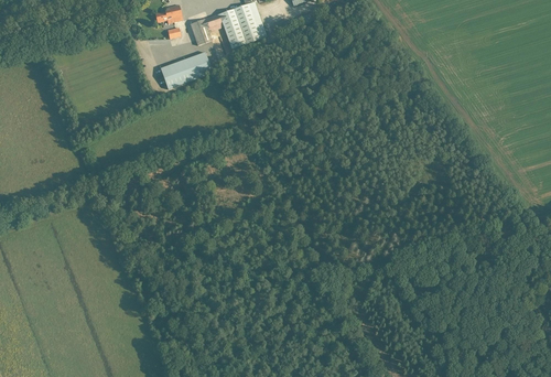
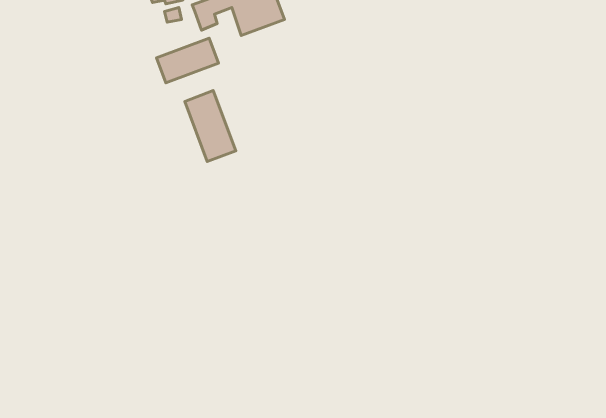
building: none -> [185,91,236,162]

